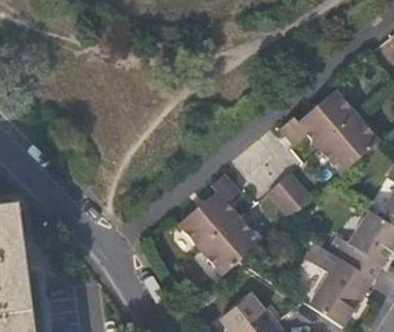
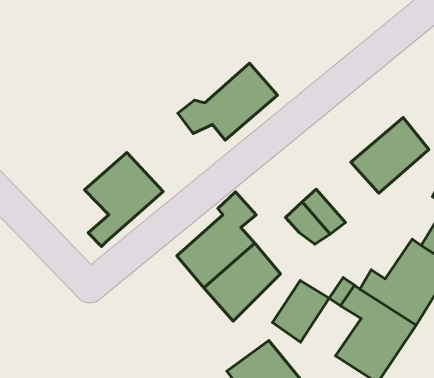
building: [281,87,362,149] -> [178,63,278,140]
building: none -> [85,152,163,247]
building: none -> [272,281,329,342]

